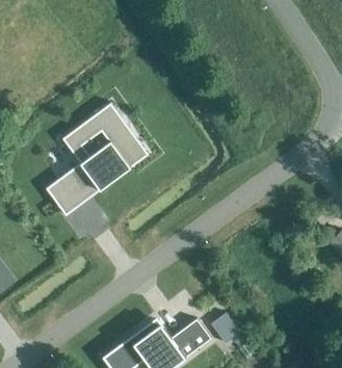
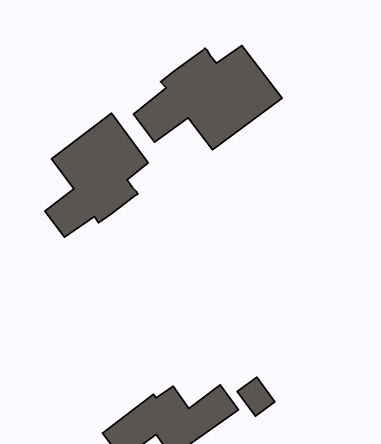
building: none -> [134,46,282,150]

